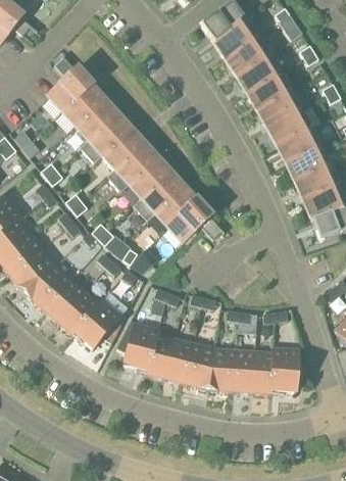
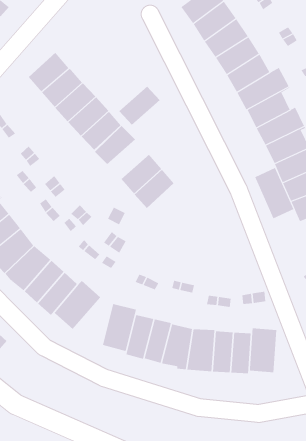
building: [128,157,169,197] -> [119,86,160,125]
building: none -> [253,167,294,219]
building: [167,201,224,242] -> none

